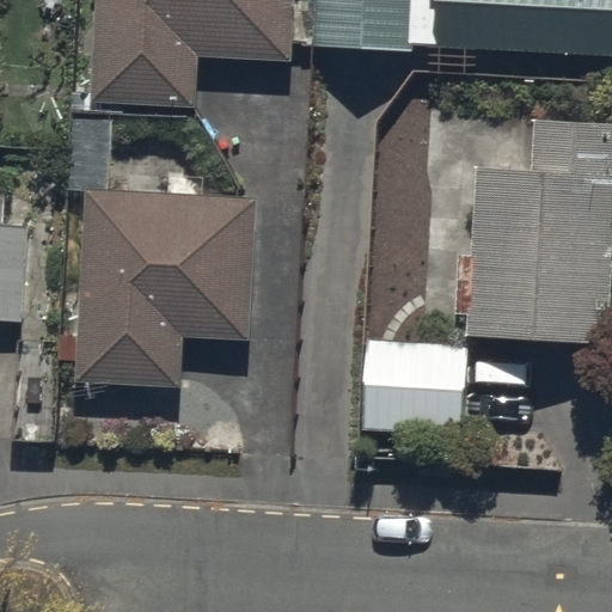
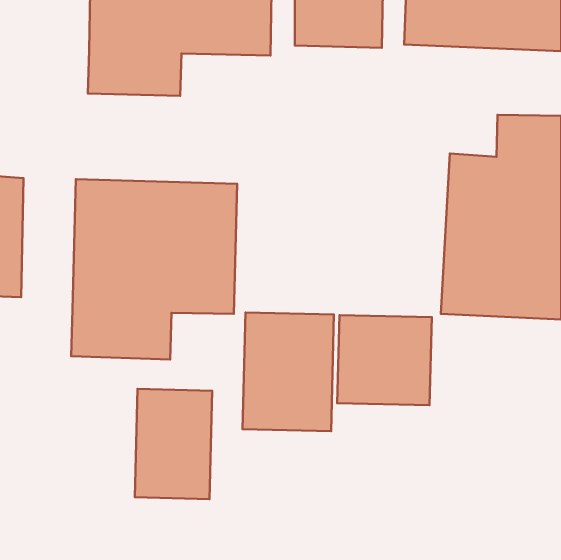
building: none -> [243,312,334,431]
building: none -> [135,389,212,499]

